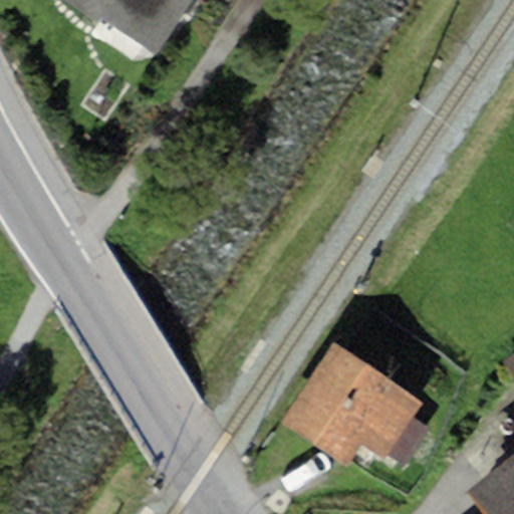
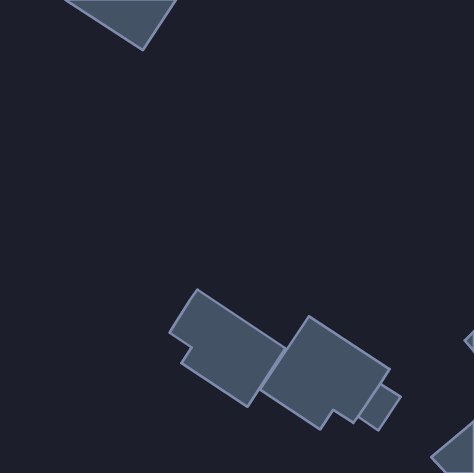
building: none -> [170,290,285,407]

